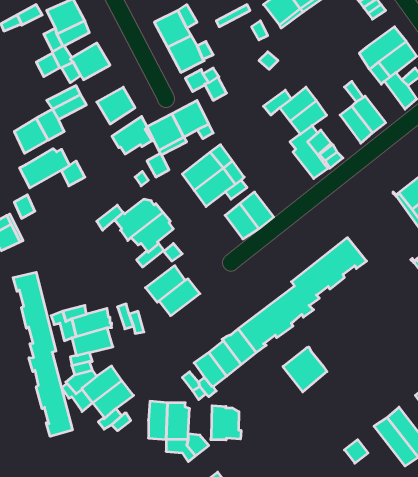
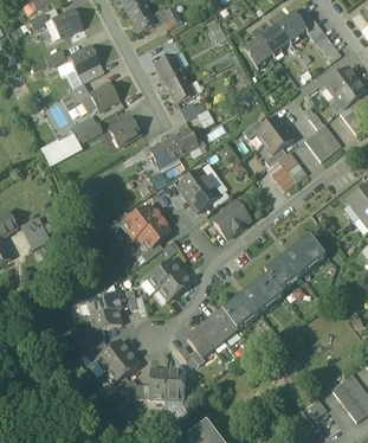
building: [112,116,152,154] -> none
building: [20,149,70,188] -> none
building: [13,272,72,436] -> none
building: [283,347,327,392] -> none
building: [211,406,241,440] -> none

